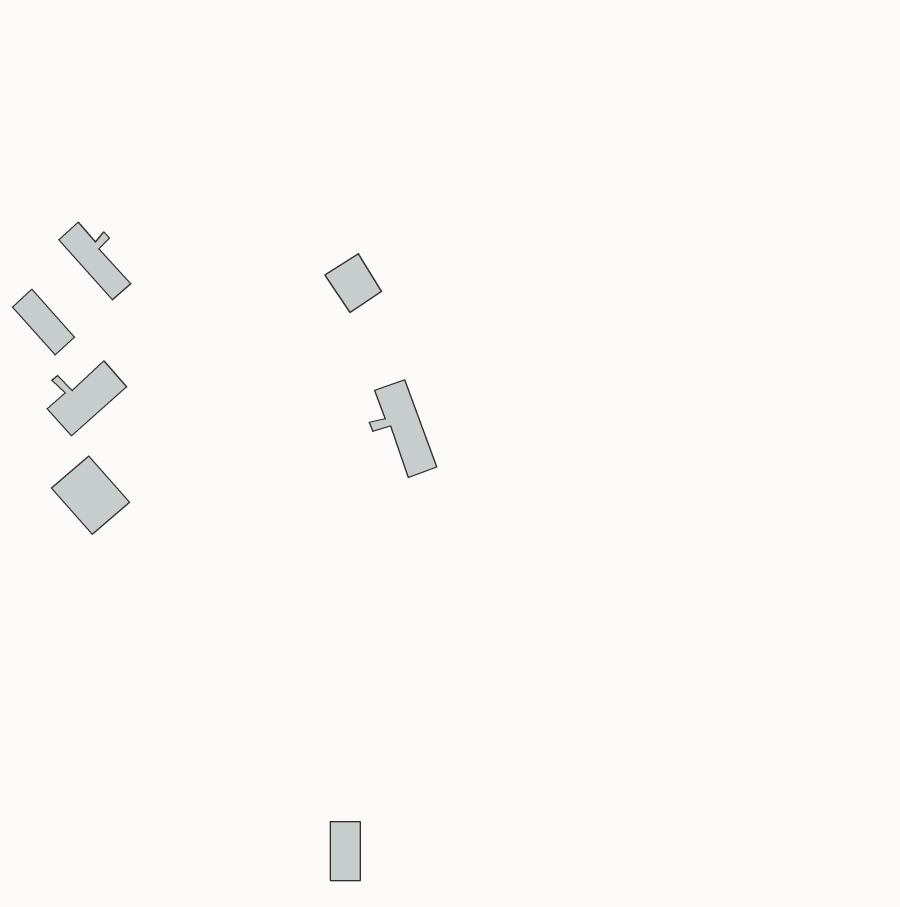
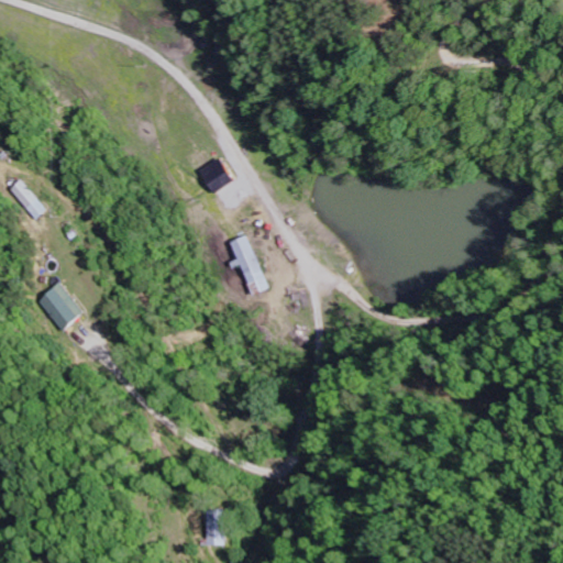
building: [59,222,131,300] -> none
building: [47,361,127,436] -> none

